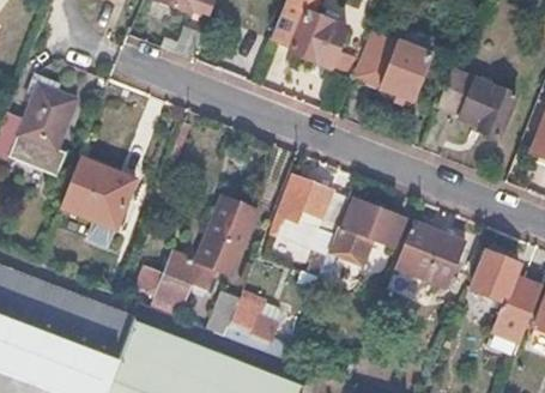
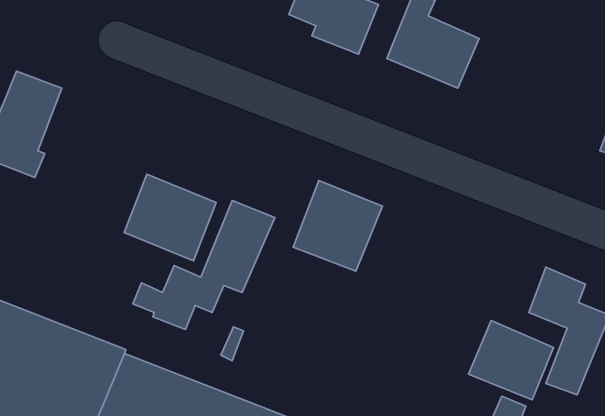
building: [438,67,515,134] -> none
building: [61,155,139,228] -> [124,174,216,261]
building: [333,199,405,262] -> none
building: [394,220,466,288] -> [468,320,554,400]
building: [223,291,290,358] -> none

